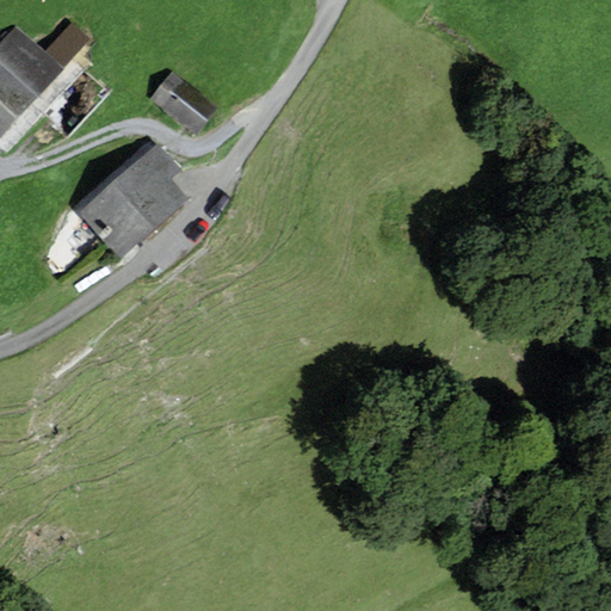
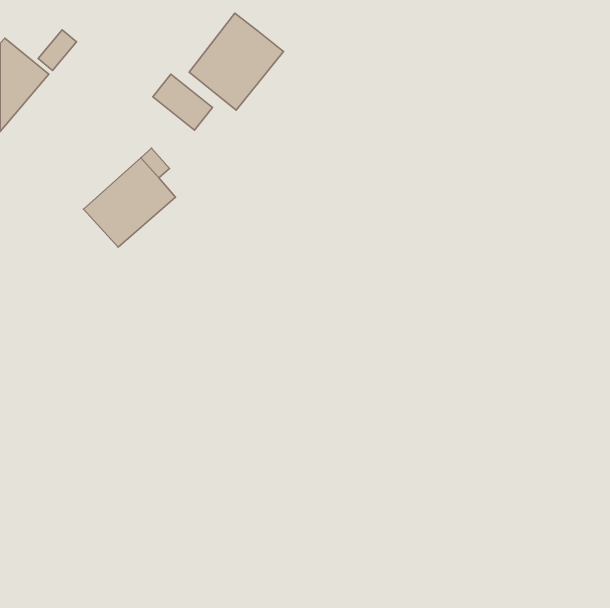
building: none -> [189,13,283,110]

